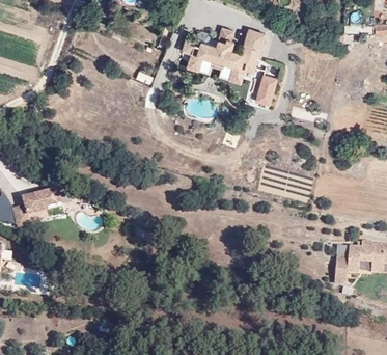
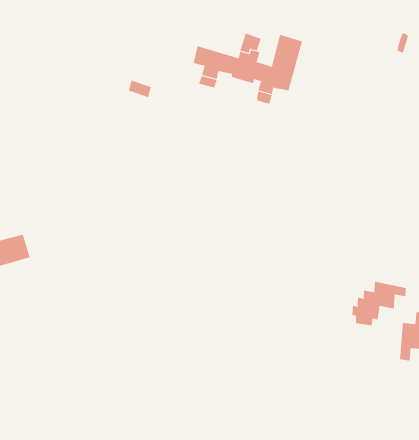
building: [253,80,276,111] -> none
building: none -> [352,281,406,326]

